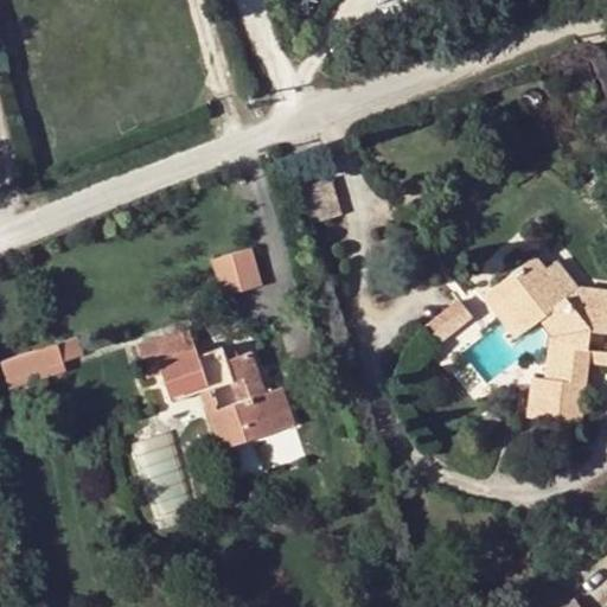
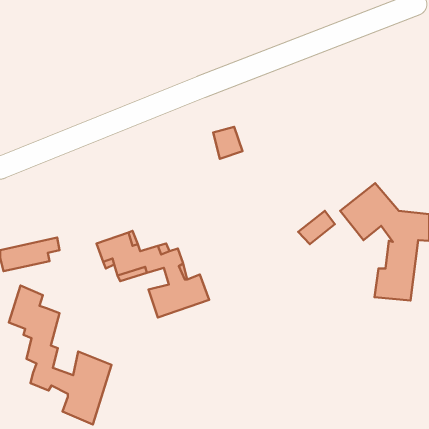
building: [213,248,263,296] -> none
building: none -> [9,285,112,425]

